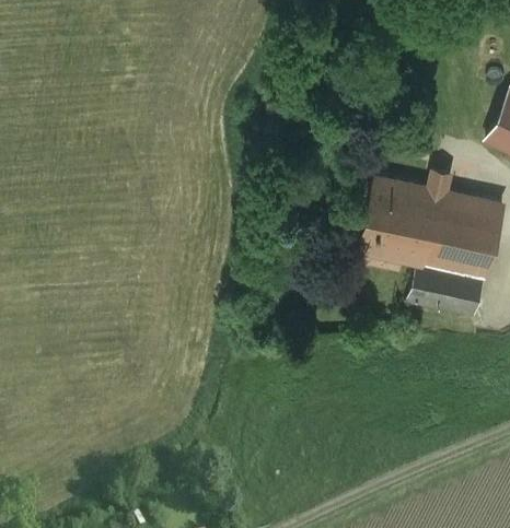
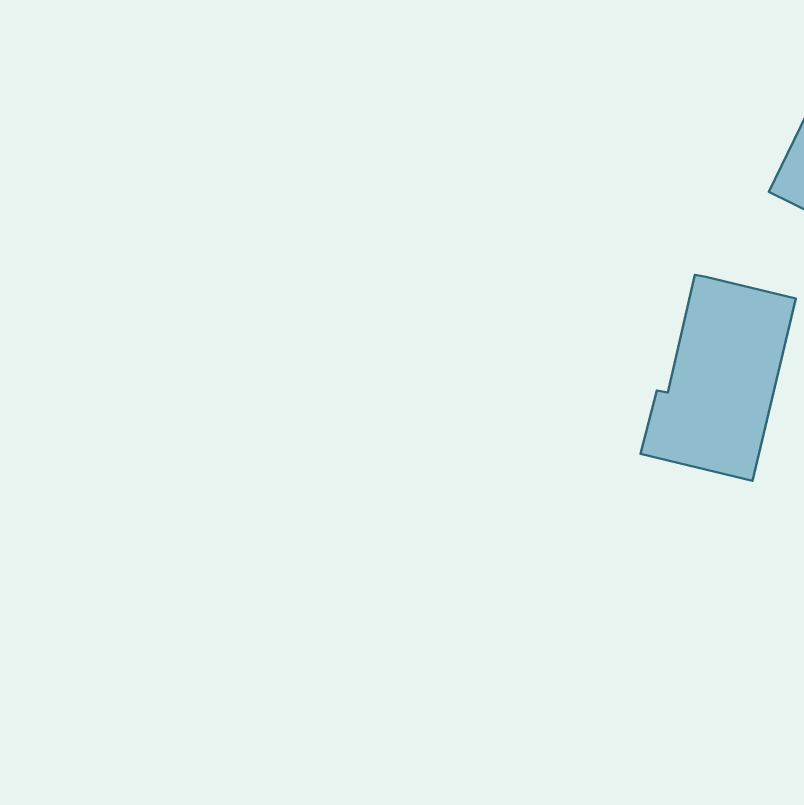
building: [359,172,451,262] -> none

